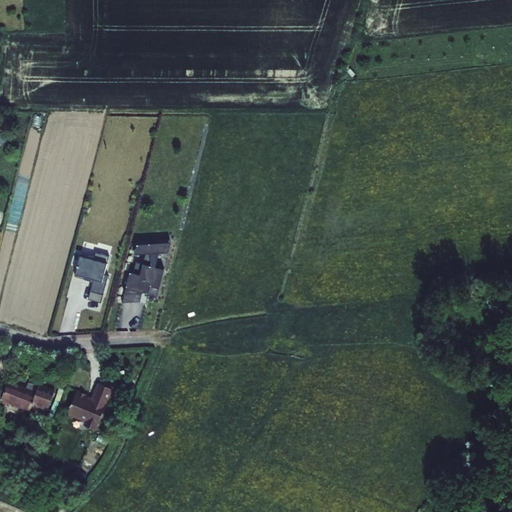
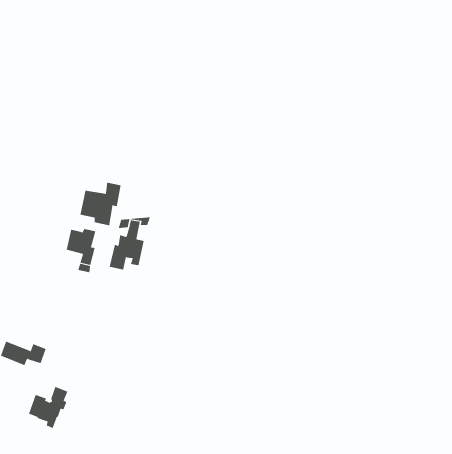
building: none -> [80,182,121,226]
building: [67,382,112,430] -> [28,386,68,429]

